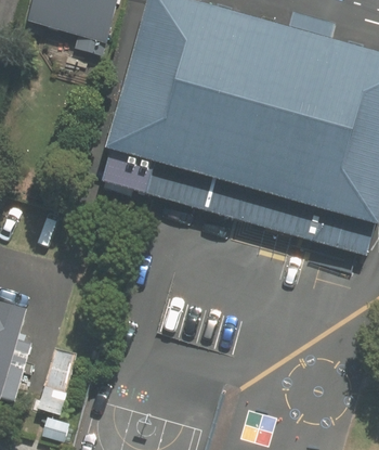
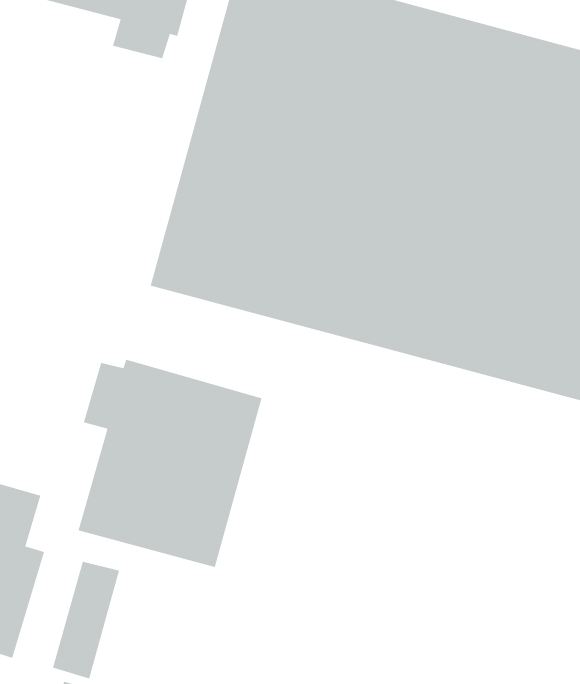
building: none -> [78,359,262,568]

